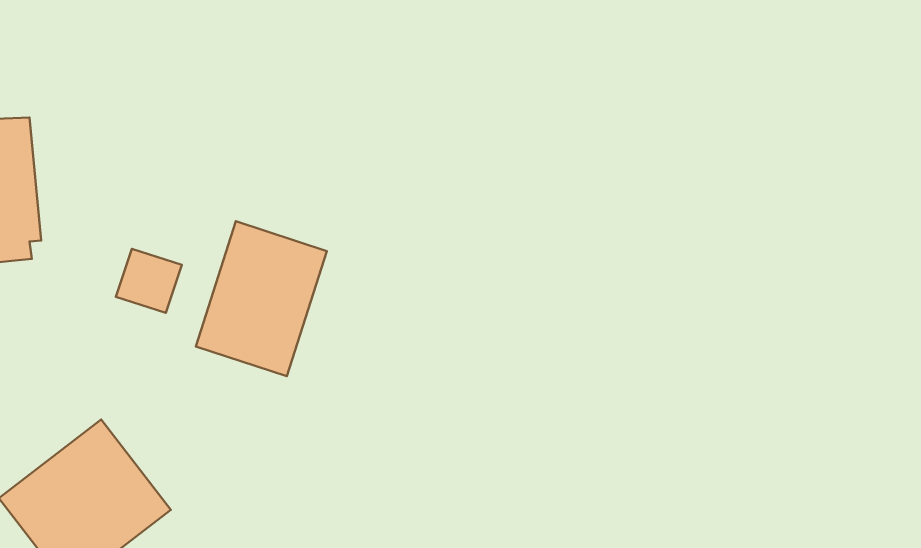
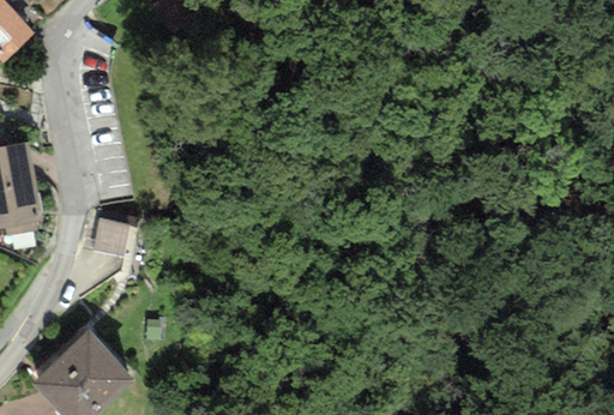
building: [196,221,327,376] -> none

